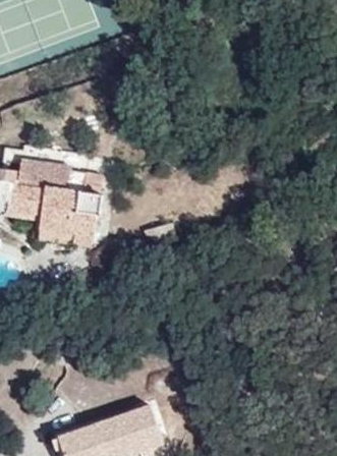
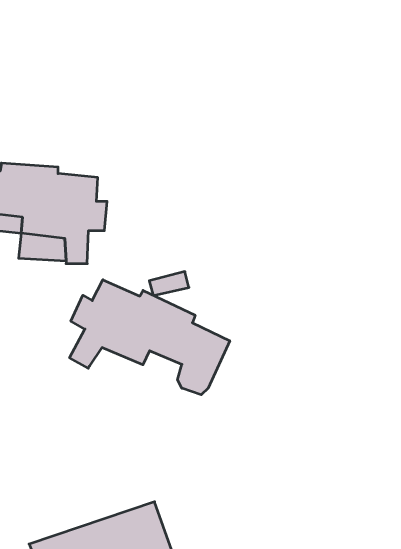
building: none -> [70,280,230,395]

